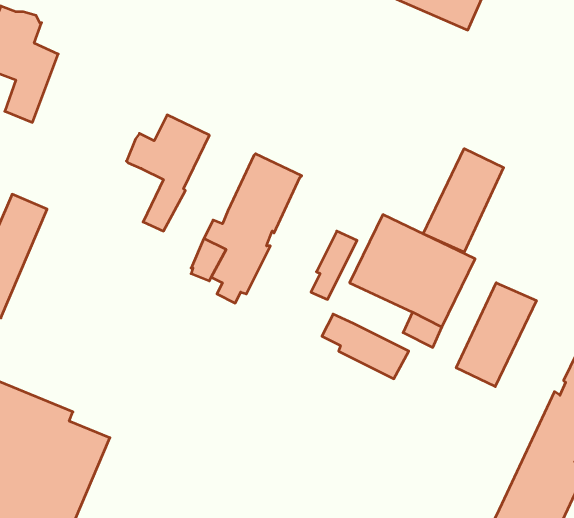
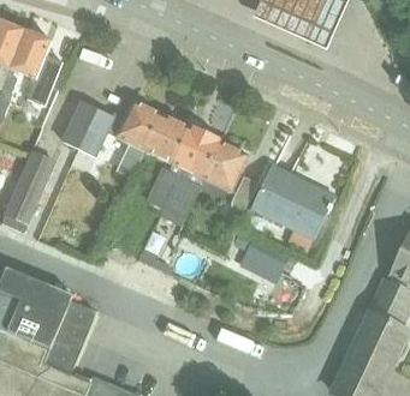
building: none -> [63,101,112,155]
building: none -> [143,113,189,162]
building: [423,149,504,252] -> none
building: none -> [202,140,246,190]
building: [456,283,536,387] -> none

